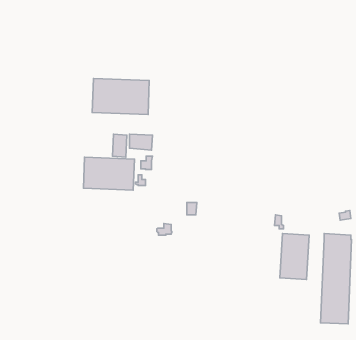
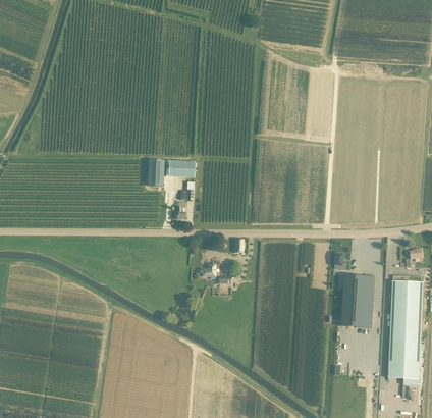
building: [92,78,149,115] -> none
building: [83,157,134,190] -> none

